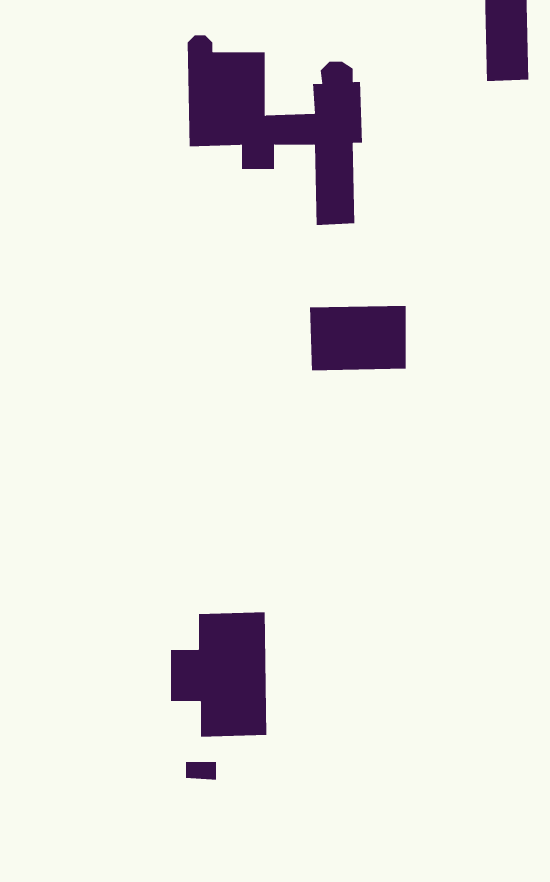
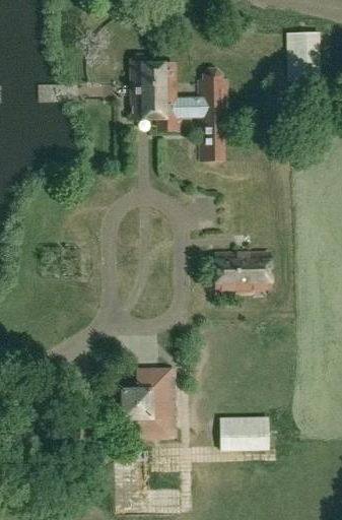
building: [309,305,406,371] -> [215,253,268,288]
building: none -> [221,415,271,449]

